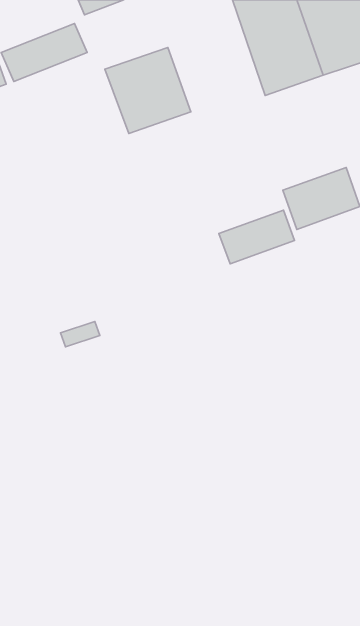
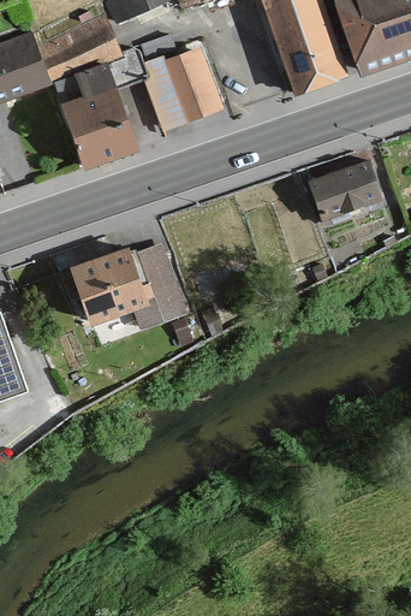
building: none -> [62,61,133,162]
building: [219,210,295,264] -> none
building: none -> [68,238,180,325]

